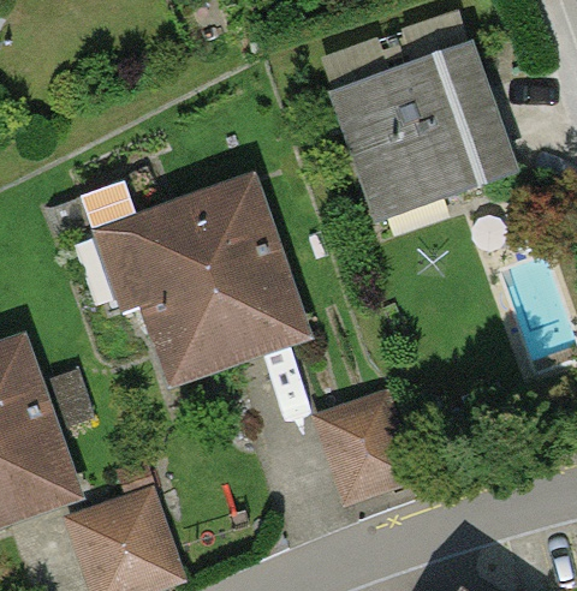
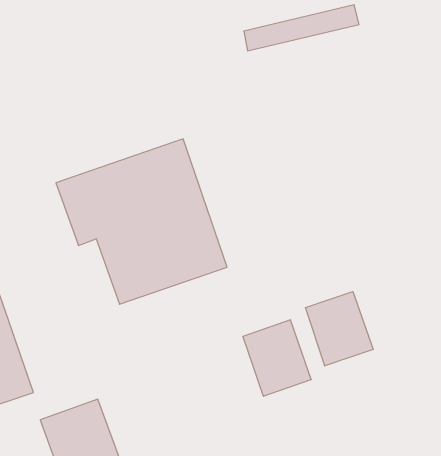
building: [334,43,516,217] -> none
building: none -> [305,292,373,366]

